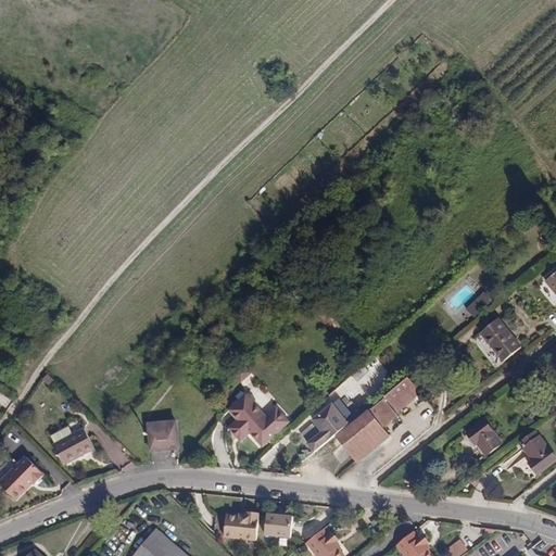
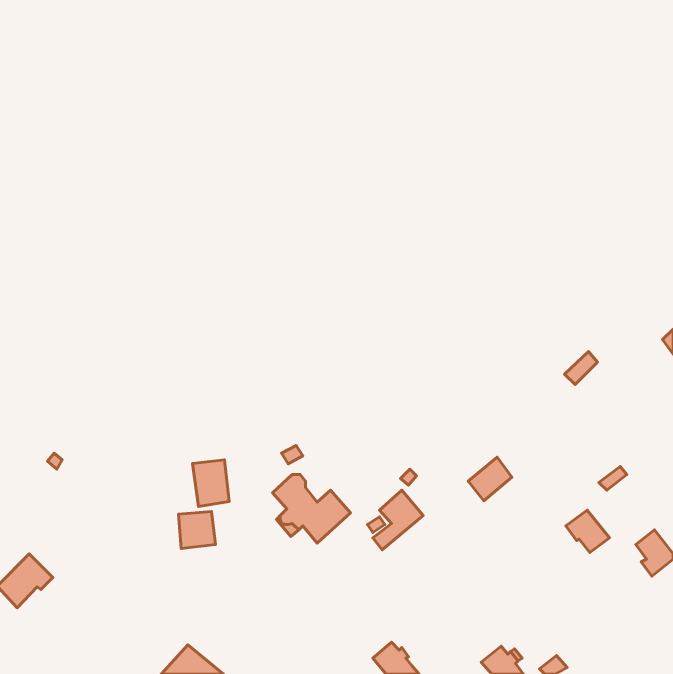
building: [479,317,520,361] -> none
building: none -> [192,460,229,507]
building: [333,397,397,463] -> none
building: [52,428,93,464] -> none
building: [223,508,257,536] -> none
building: [263,513,291,535] -> none

